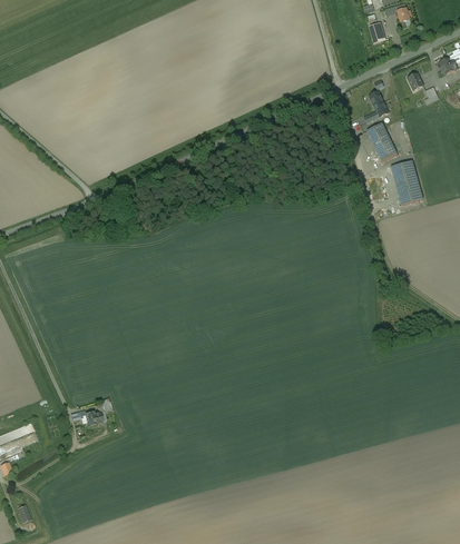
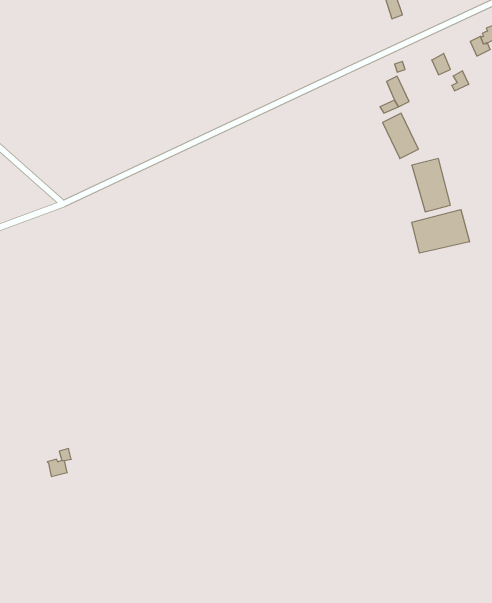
building: none -> [412,210,469,253]

